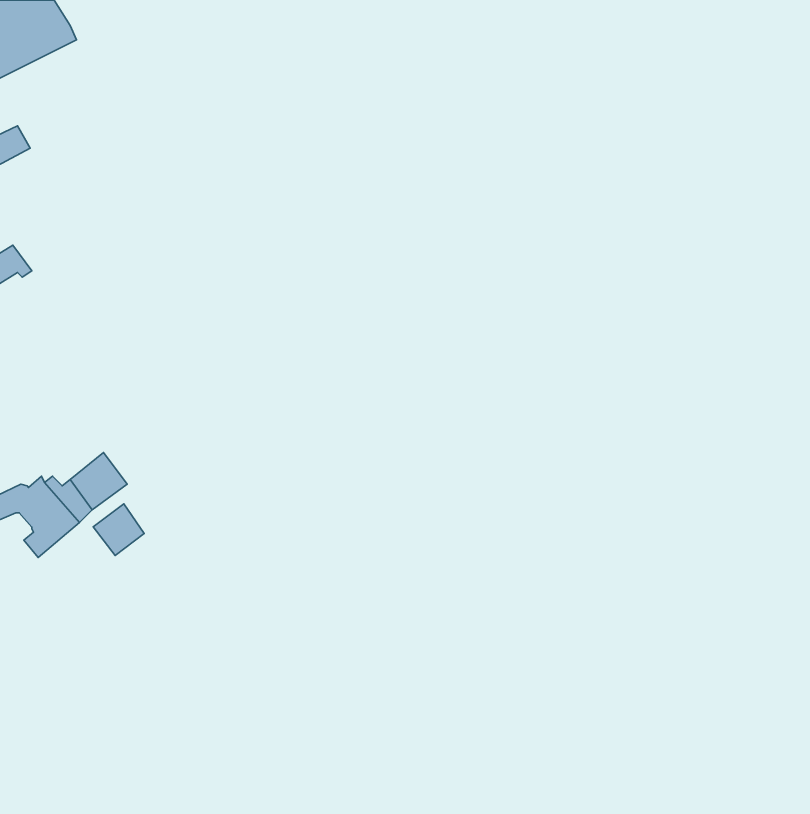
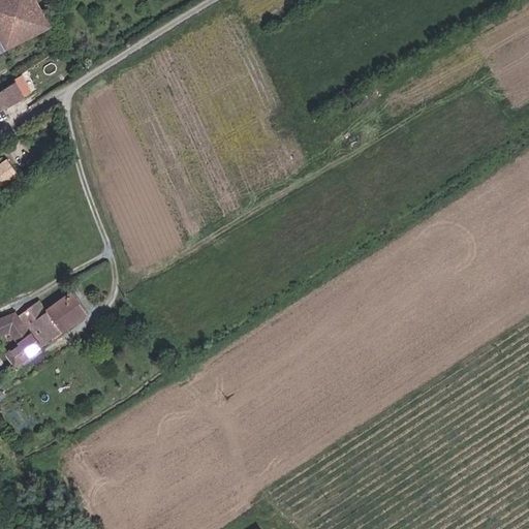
building: [93,504,144,555] -> none

